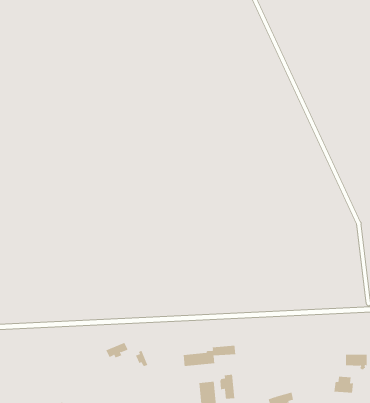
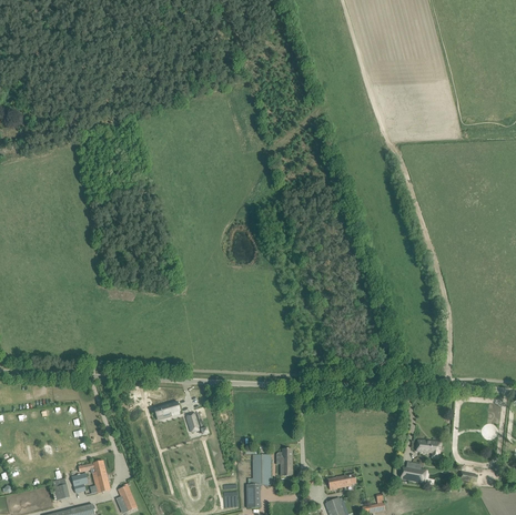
building: [183,345,236,367] -> none

